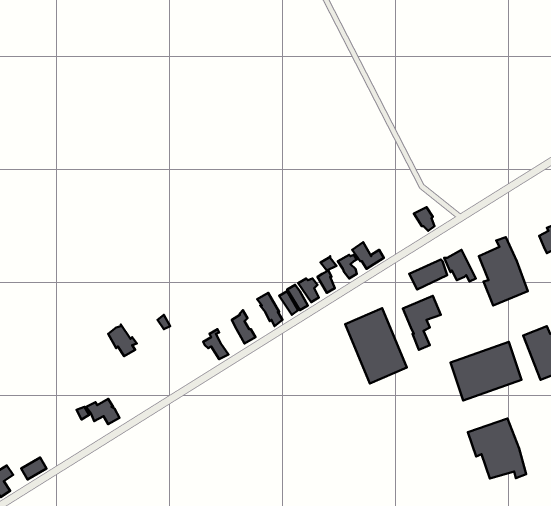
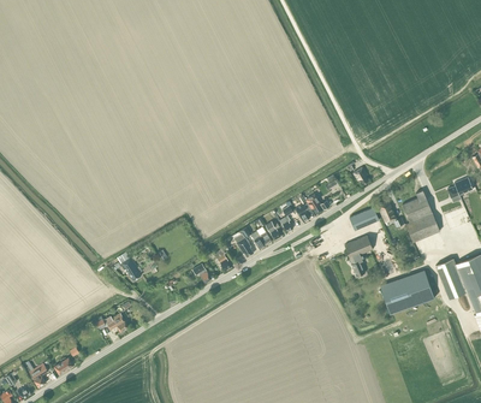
building: [345,308,407,384] -> none
building: [468,418,526,479] -> none

